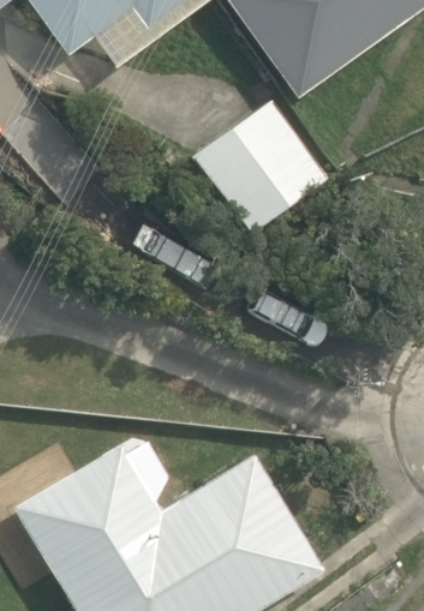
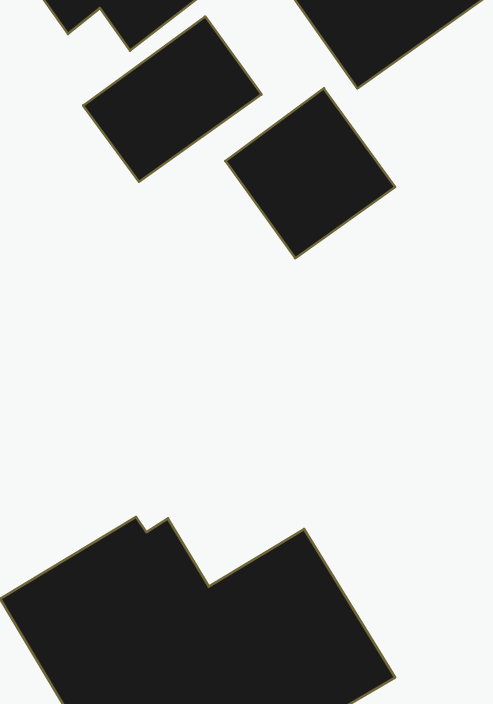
building: none -> [83,17,261,182]

